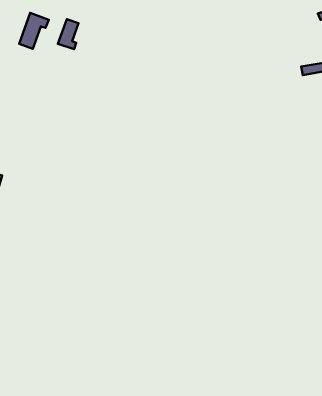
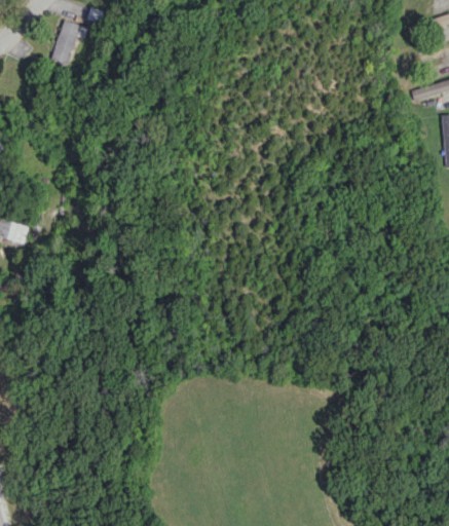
building: [58,19,79,49] -> none

